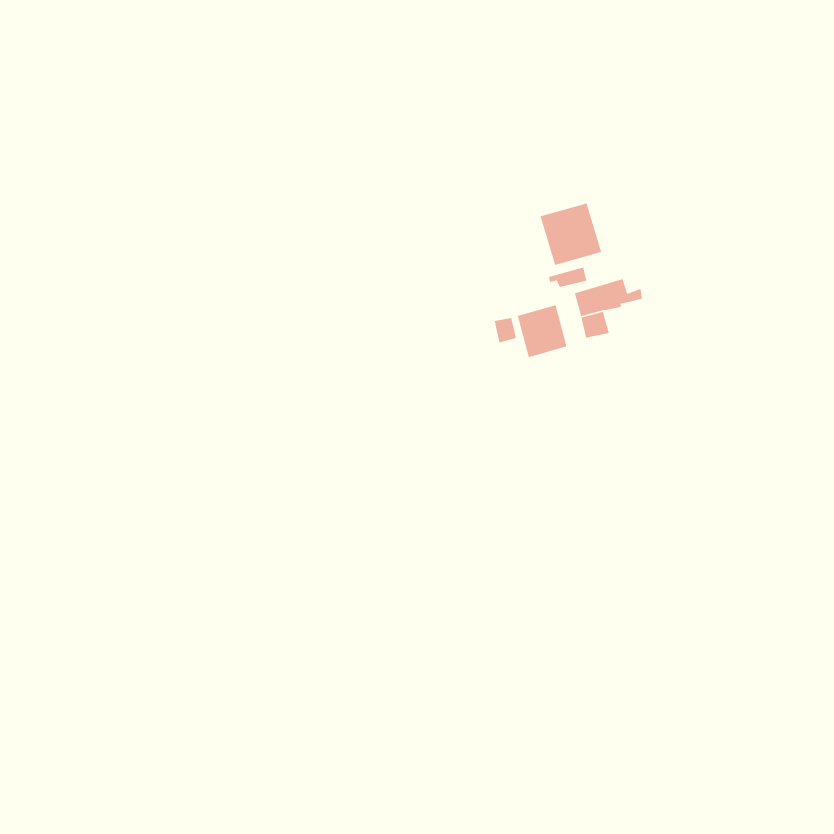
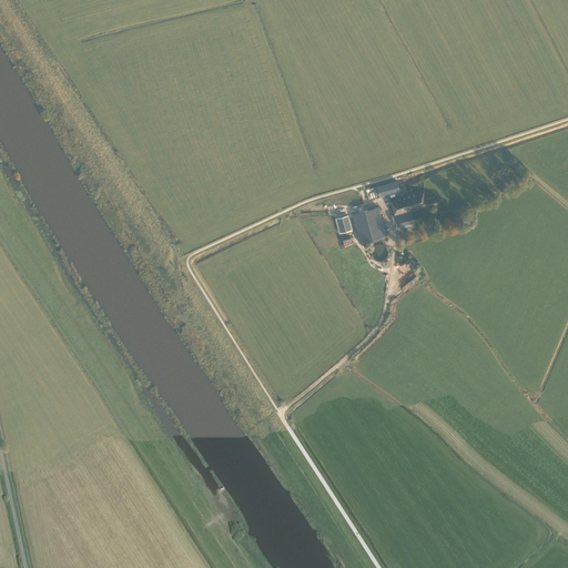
building: [539,202,602,266] -> none

